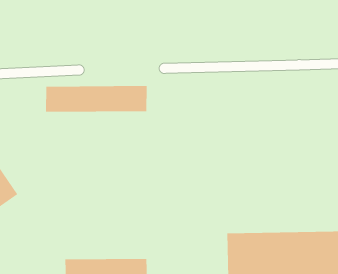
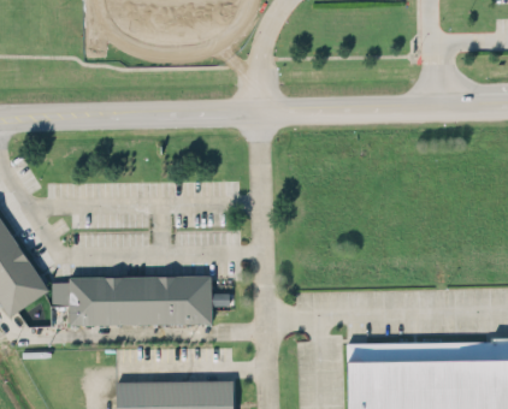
building: [46,85,147,113] -> none
building: none -> [69,275,212,325]

